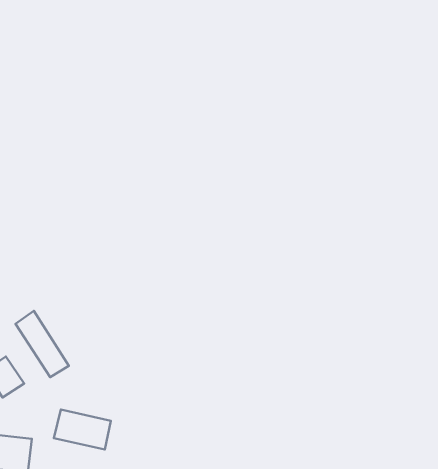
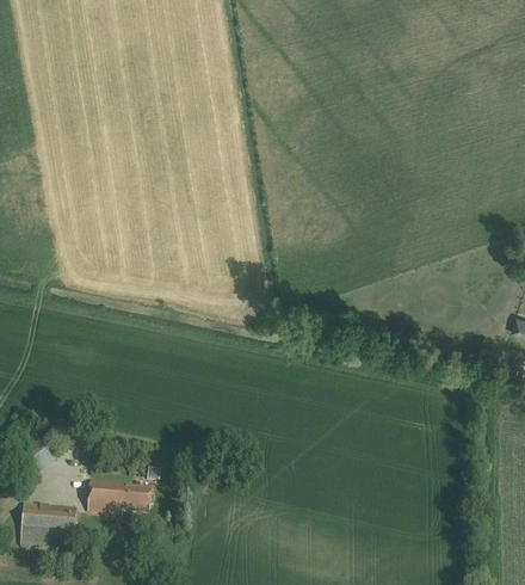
building: [16,311,69,377] -> none

